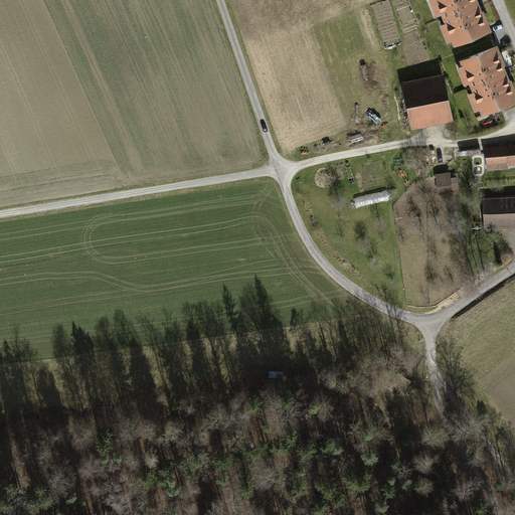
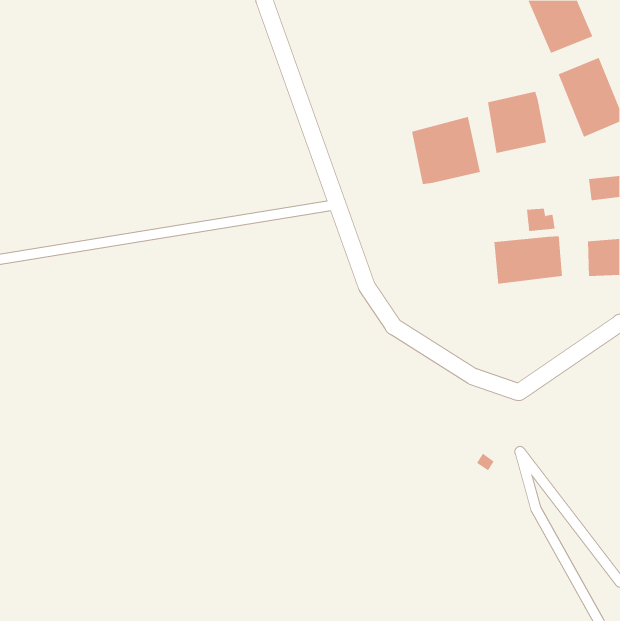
building: none -> [411,116,480,185]
building: none -> [494,236,562,284]

